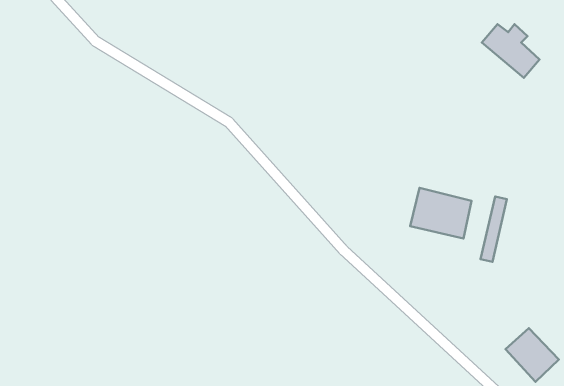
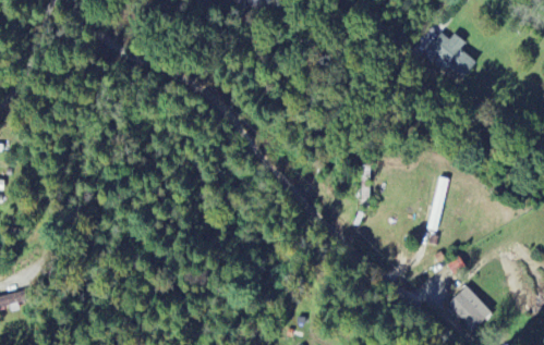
building: [410,188,471,238] -> none

